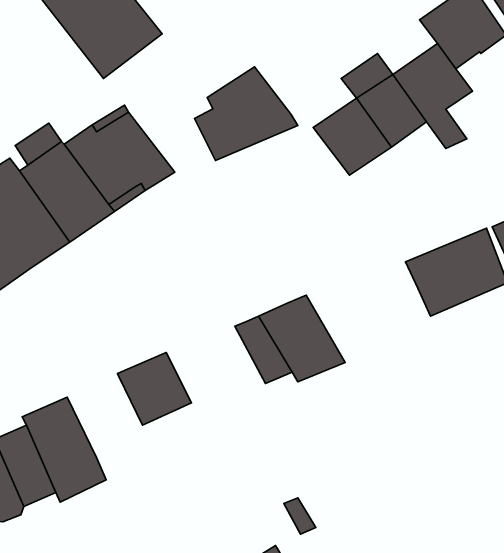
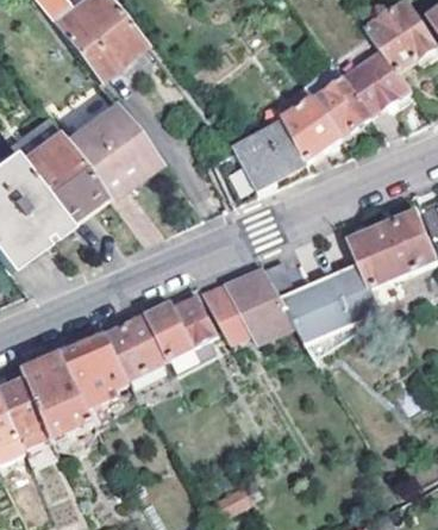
building: [195,67,298,161] -> [223,123,311,202]
building: none -> [268,257,386,342]
building: none -> [149,295,221,357]
building: none -> [64,335,132,404]

